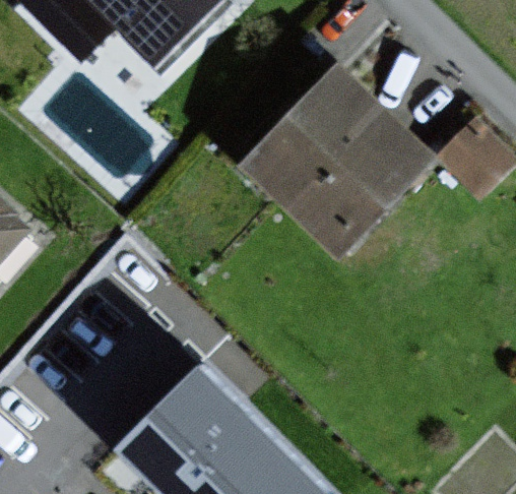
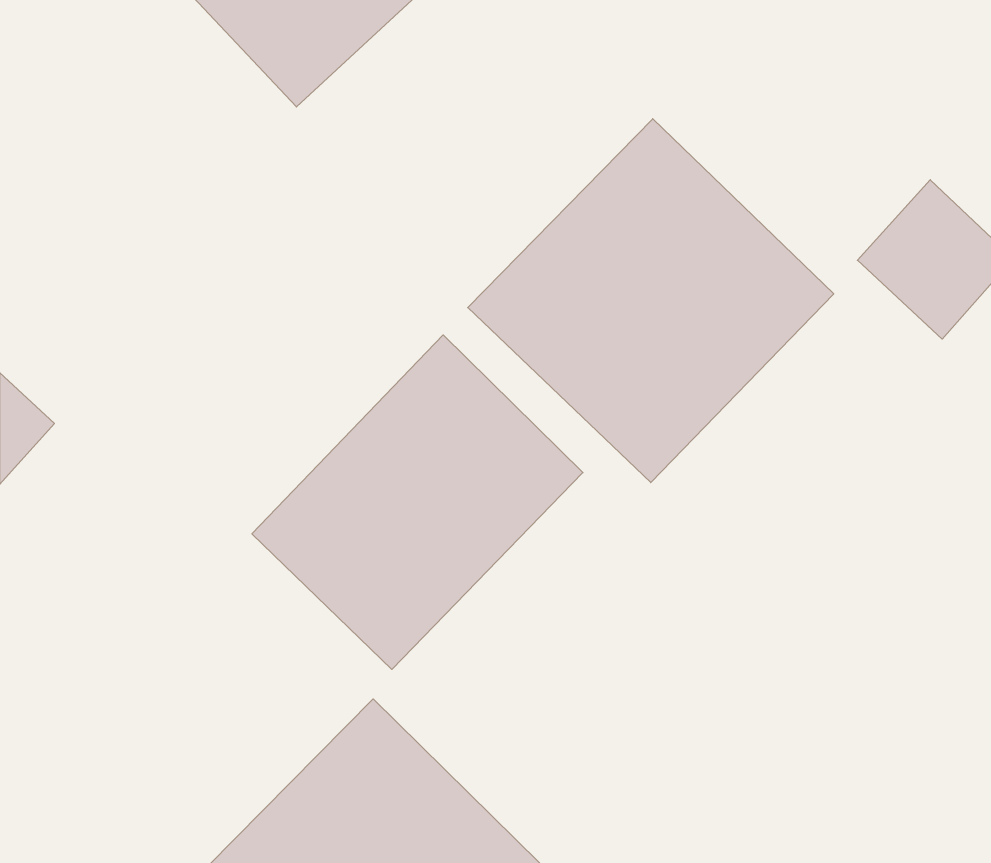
building: none -> [252,335,583,669]

